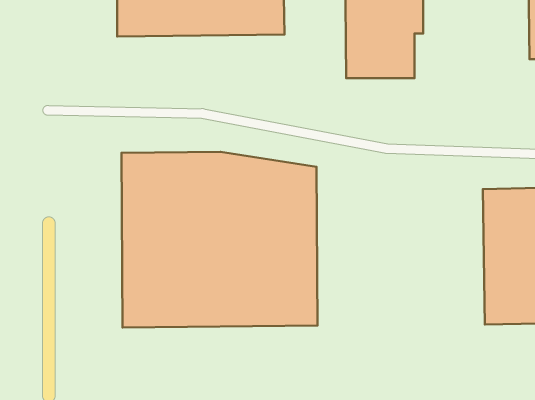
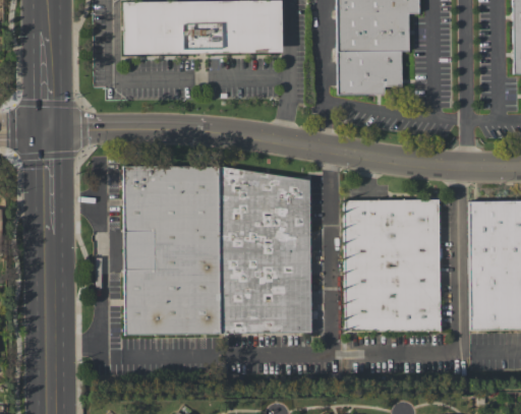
building: none -> [344,199,442,333]

